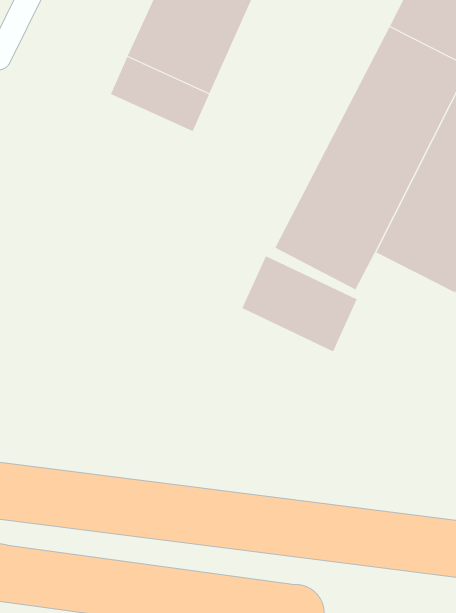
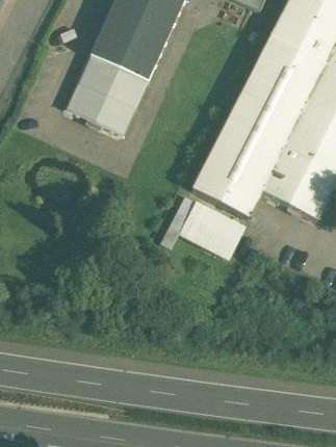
building: none -> [67,82,135,134]

